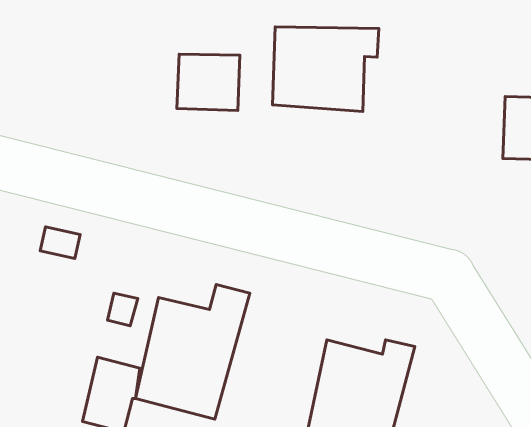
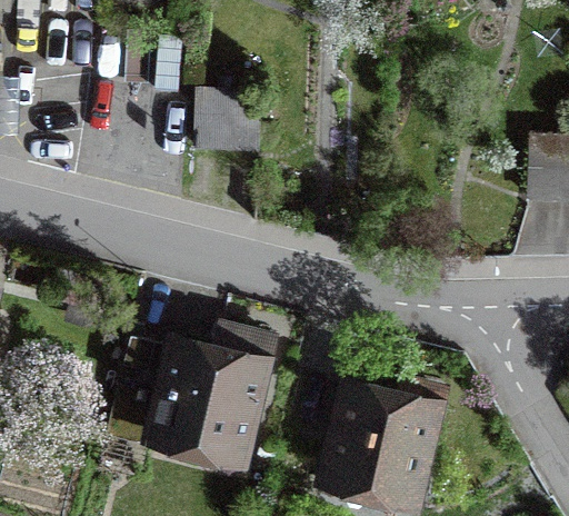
building: [272,27,379,111] -> none

